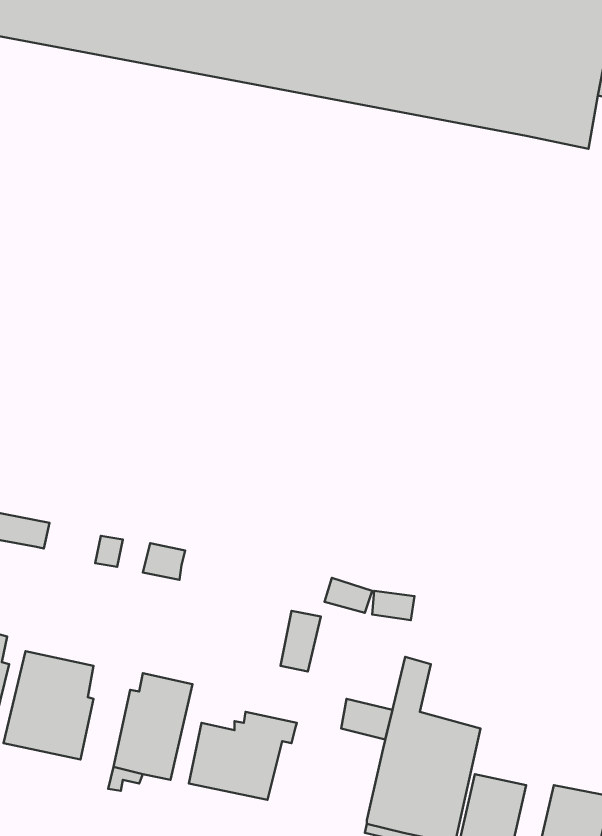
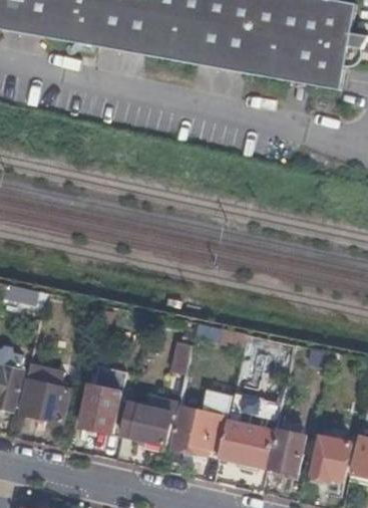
building: none -> [169,407,227,460]

